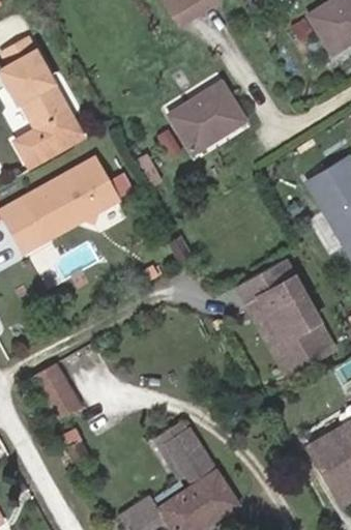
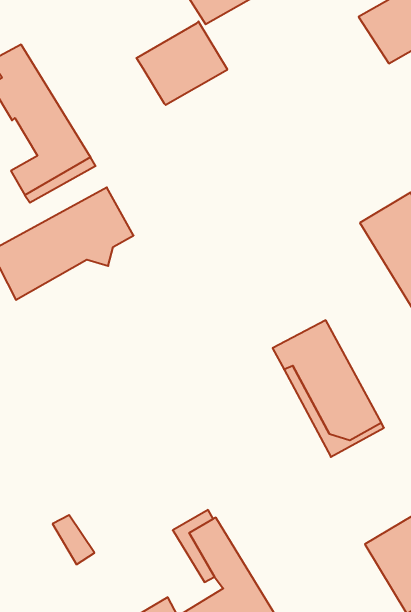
building: [170,85,244,153] -> [136,21,227,105]
building: [34,373,74,413] -> none

